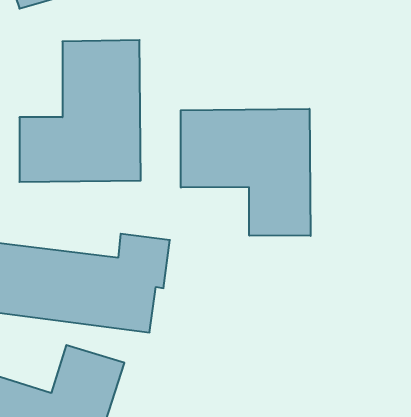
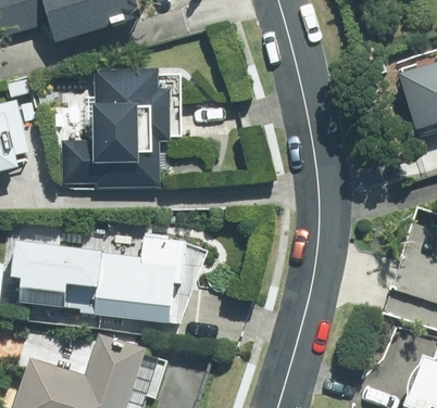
building: [181,109,311,236] -> none

